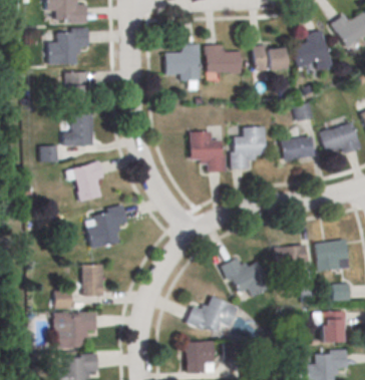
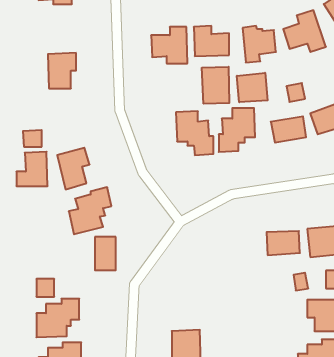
building: [48,29,90,66] -> none
building: none -> [202,67,229,104]
building: none -> [237,73,268,102]
building: [64,115,94,148] -> [16,152,48,186]
building: [221,257,271,296] -> none
building: [83,264,103,296] -> [95,237,116,270]
building: [186,295,238,332] -> none

